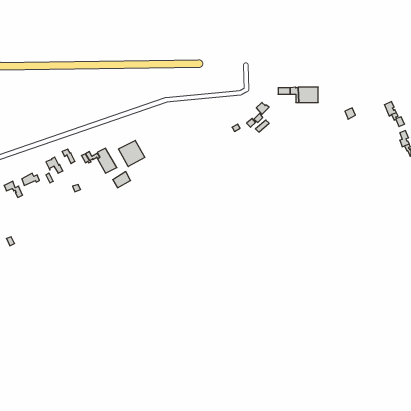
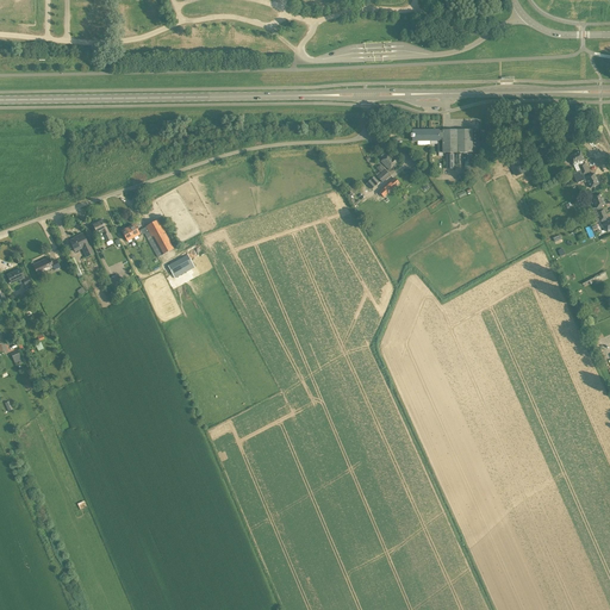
building: [118,140,145,167] -> none

